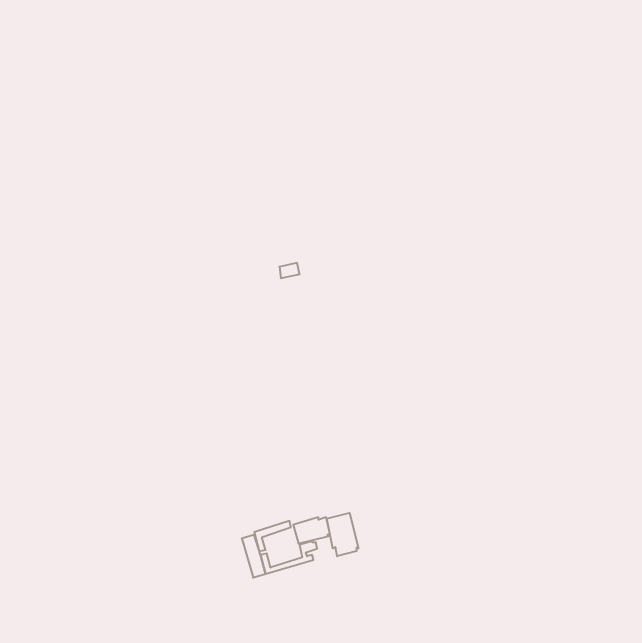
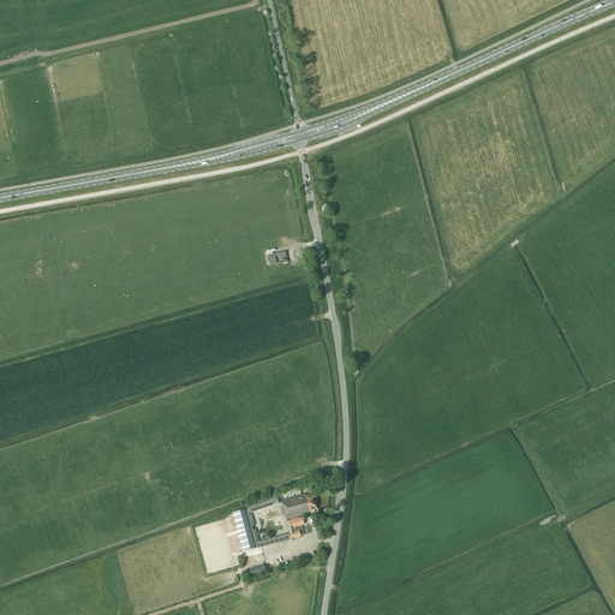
building: [327,513,358,556] -> none

